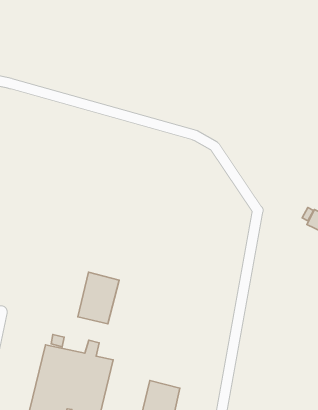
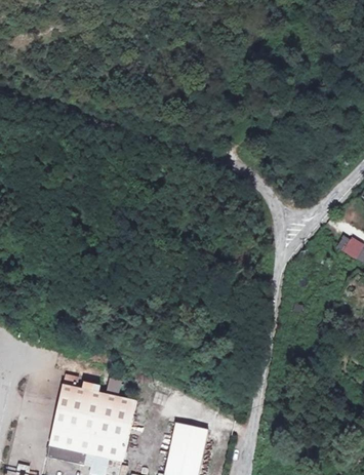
building: [78,272,119,324] -> none

